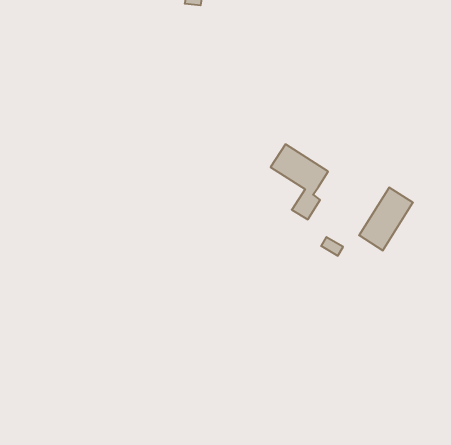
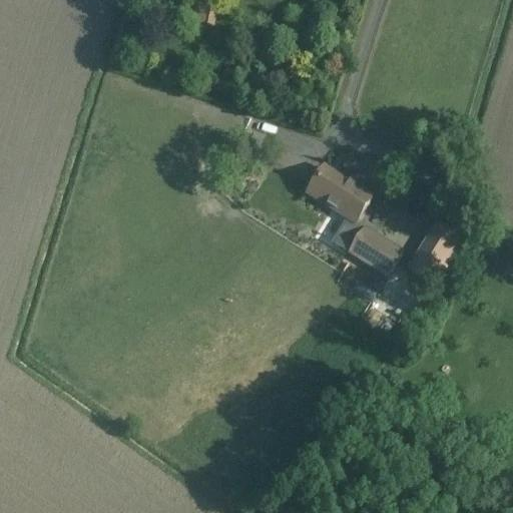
building: none -> [348,225,402,274]

